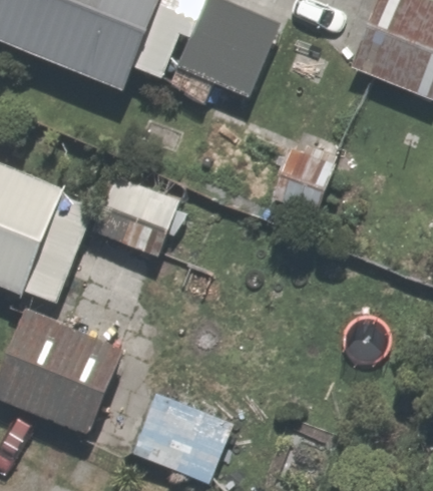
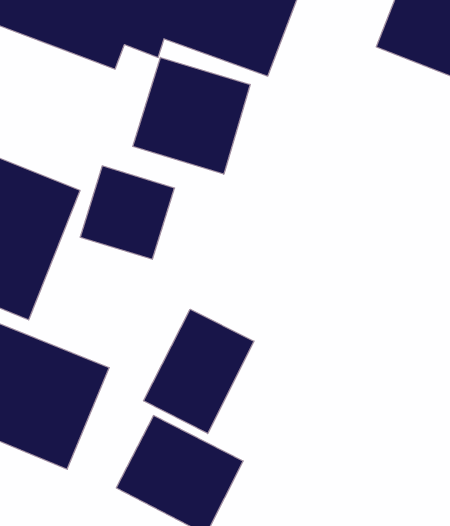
building: none -> [133,57,250,174]
building: none -> [144,309,254,434]

